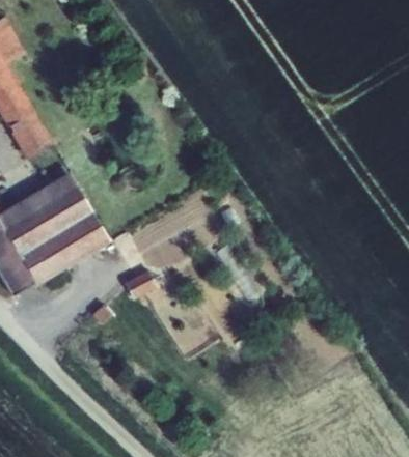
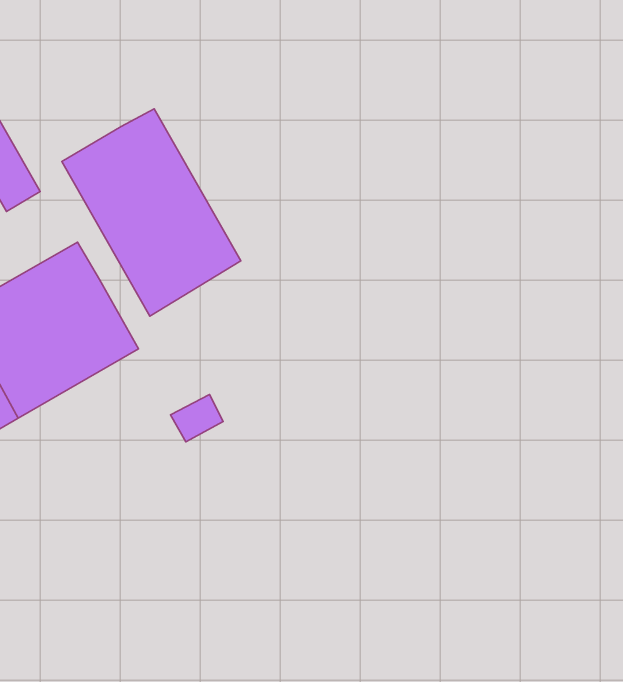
building: none -> [62,109,241,316]

